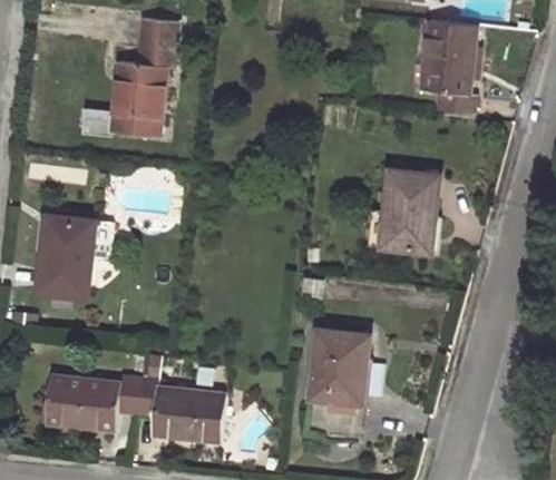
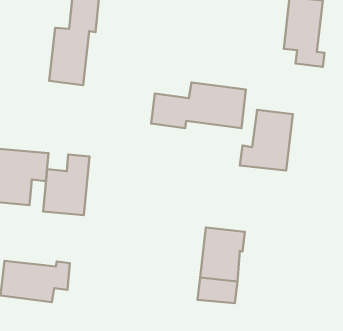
building: none -> [151,82,246,128]
building: none -> [43,154,90,215]
building: [134,378,225,442] -> none

